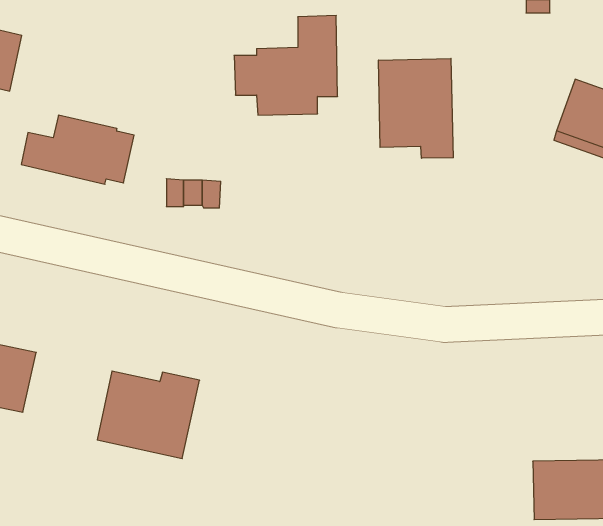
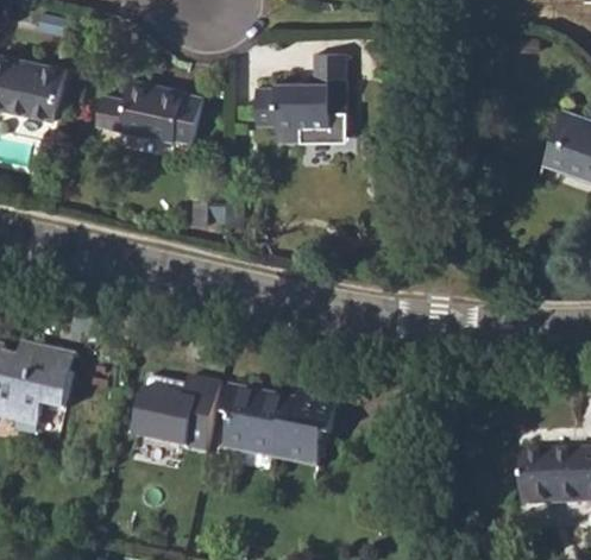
building: [379,58,453,158] -> none
building: [21,115,134,184] -> [98,81,199,143]
building: none -> [221,386,337,467]

